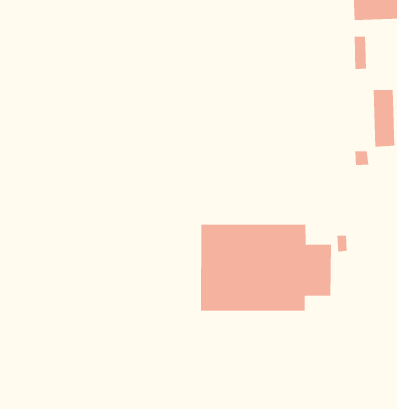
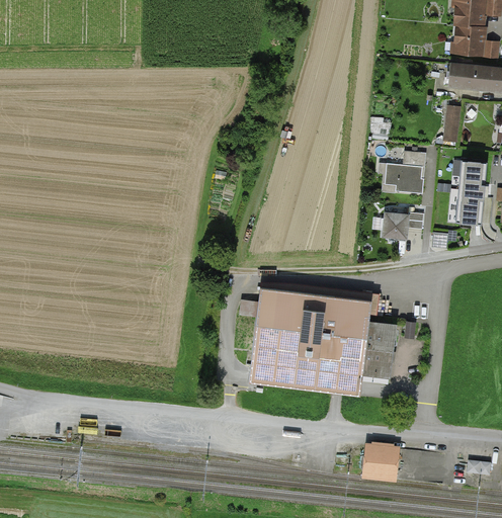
building: none -> [377,150,425,194]
building: none -> [382,211,421,240]
building: none -> [362,443,398,479]

